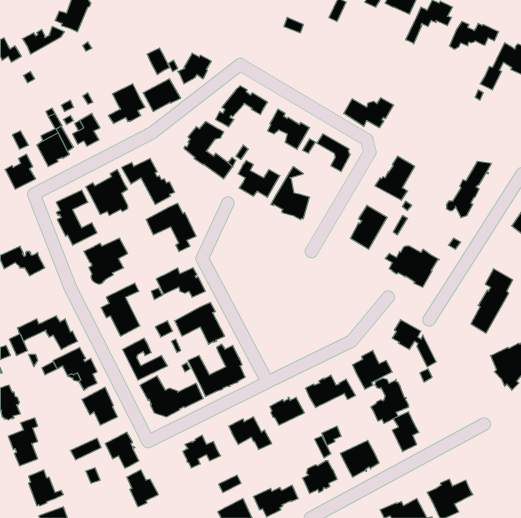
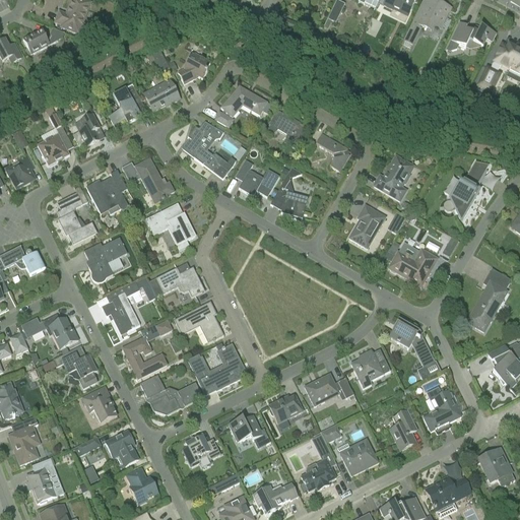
building: [344,98,394,128] -> none
building: [371,378,409,423] -> [424,388,461,433]
building: none -> [479,448,515,485]

